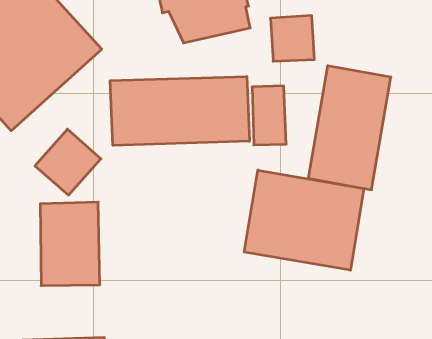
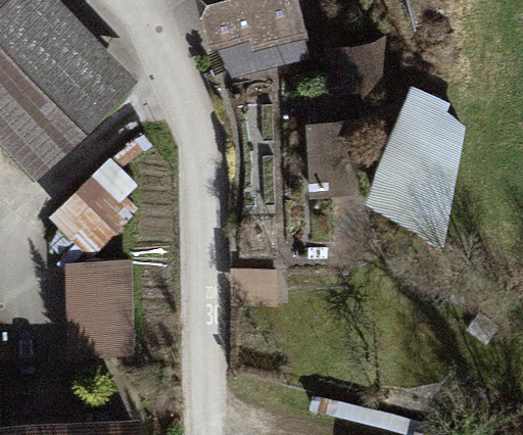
building: [110,76,249,145] -> none
building: [244,170,364,270] -> none

